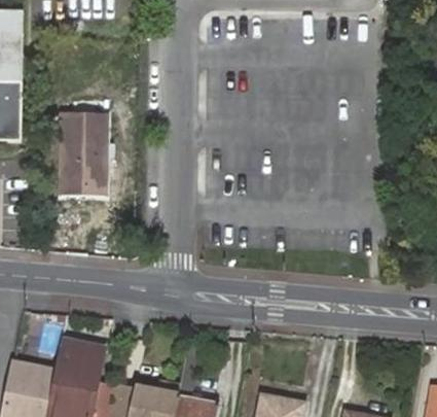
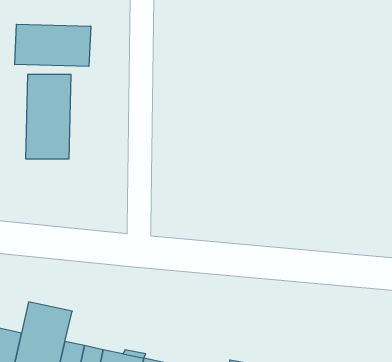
building: none -> [15,24,91,66]

